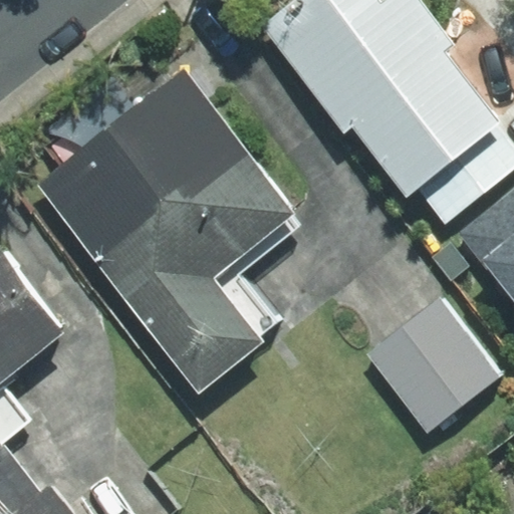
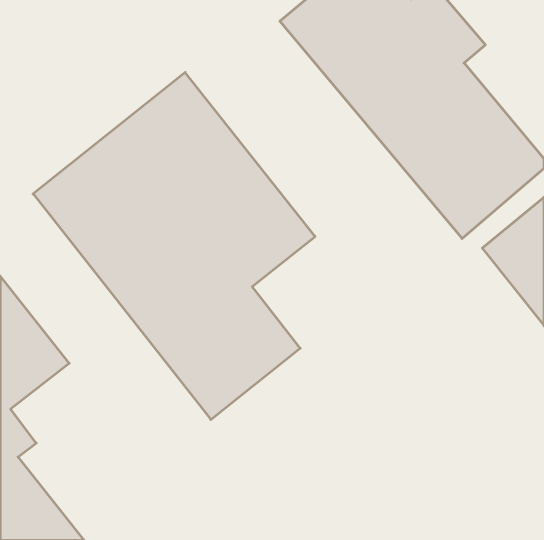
building: [373,293,504,427] -> none

